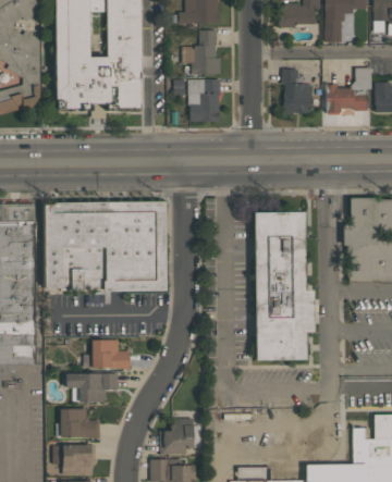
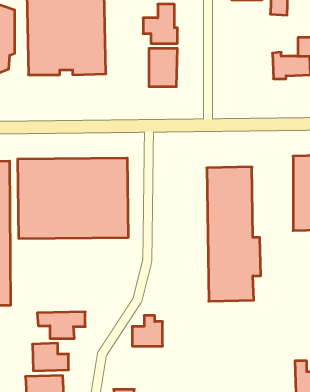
building: [283,69,314,113] -> none
building: [91,339,131,368] -> none
building: [160,418,194,452] -> [132,316,163,346]

